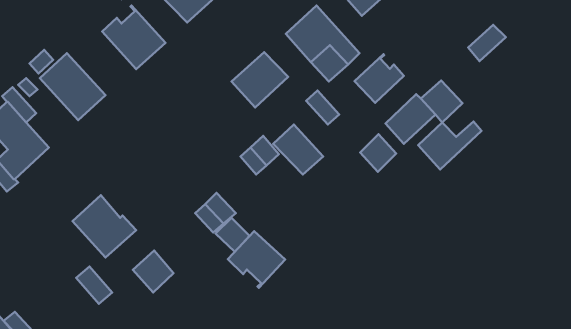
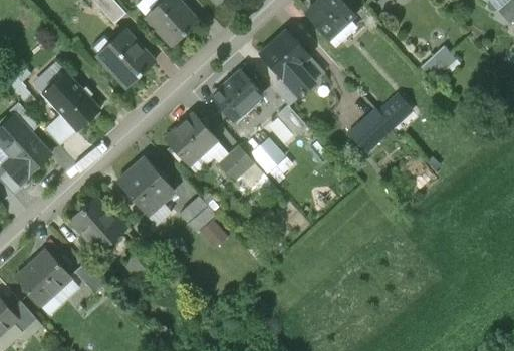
building: [355,54,404,103] -> none
building: none -> [164,113,216,164]
building: [418,121,481,169] -> none
building: [360,134,396,172] -> none
building: none -> [116,157,174,215]
building: [228,231,285,288] -> none
building: none -> [15,250,70,305]

